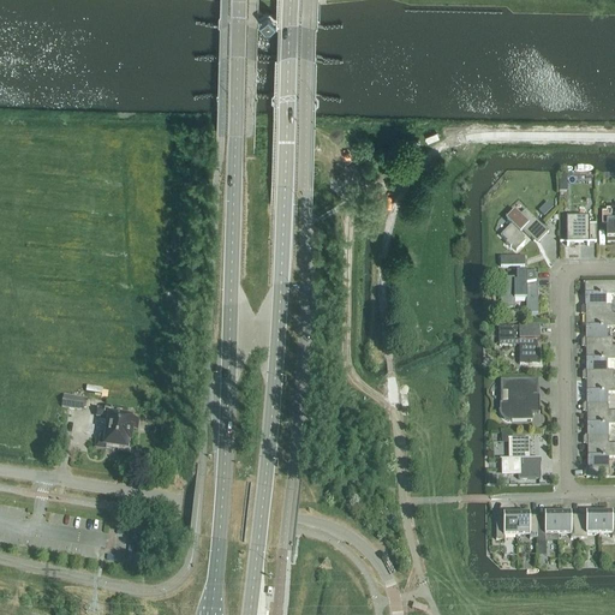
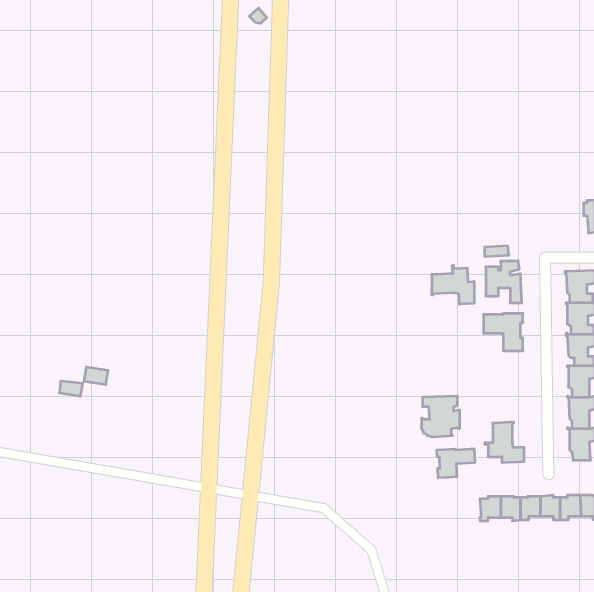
building: [501,207,549,247] -> none
building: [567,216,597,243] -> none
building: none -> [432,265,474,304]
building: [501,377,541,419] -> [421,396,460,437]
building: [96,405,139,447] -> none
building: none -> [437,449,475,478]

